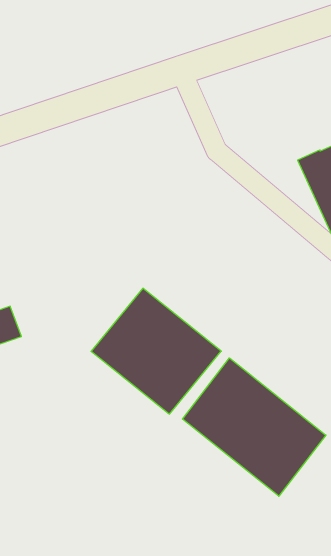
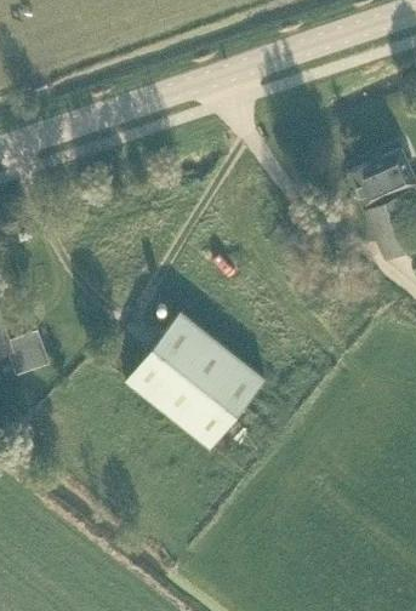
building: [182,358,326,496] -> none

